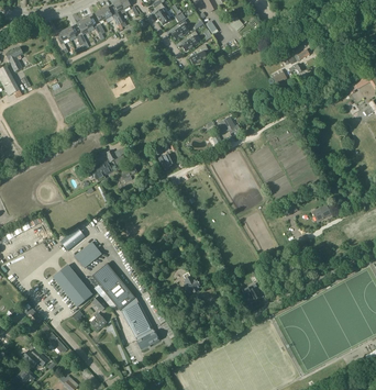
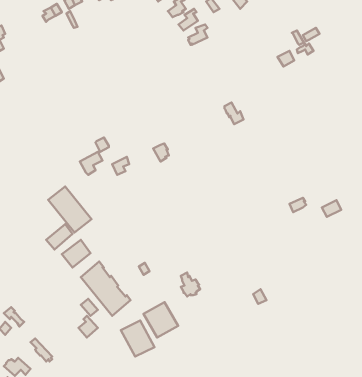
building: [52,265,91,307] -> [48,187,92,232]
building: none -> [143,302,178,337]

